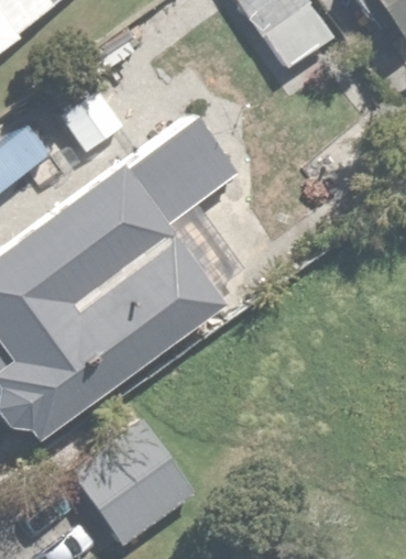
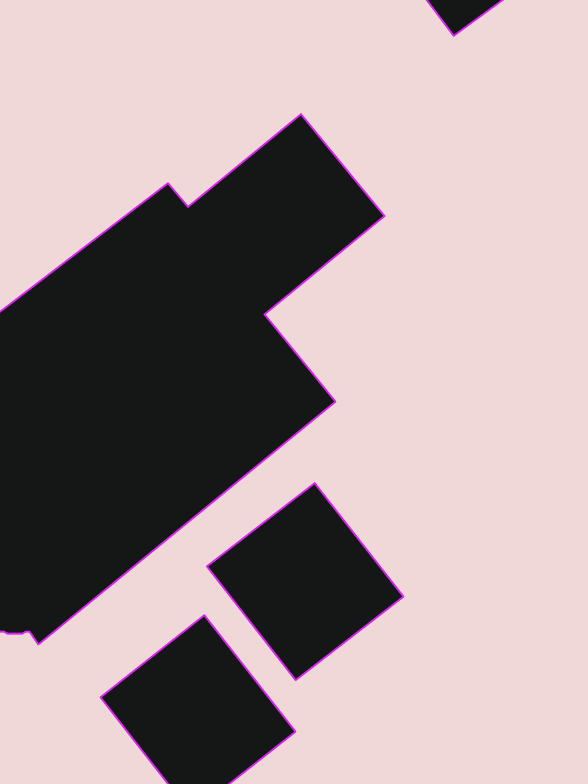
building: none -> [207,483,403,680]

